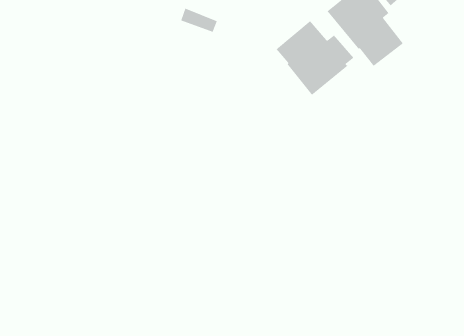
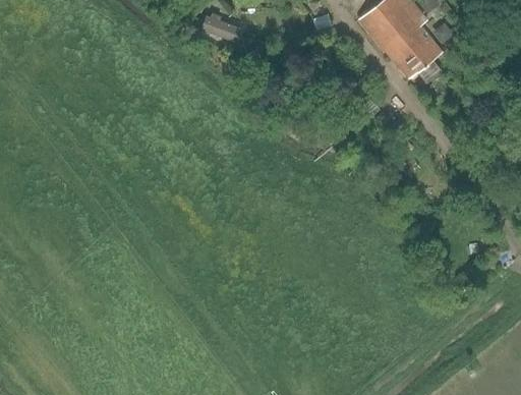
building: [276,20,354,96] -> none

